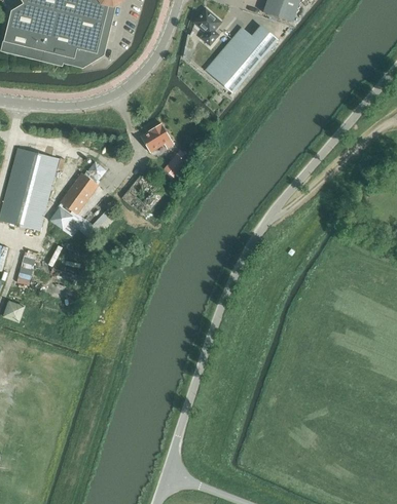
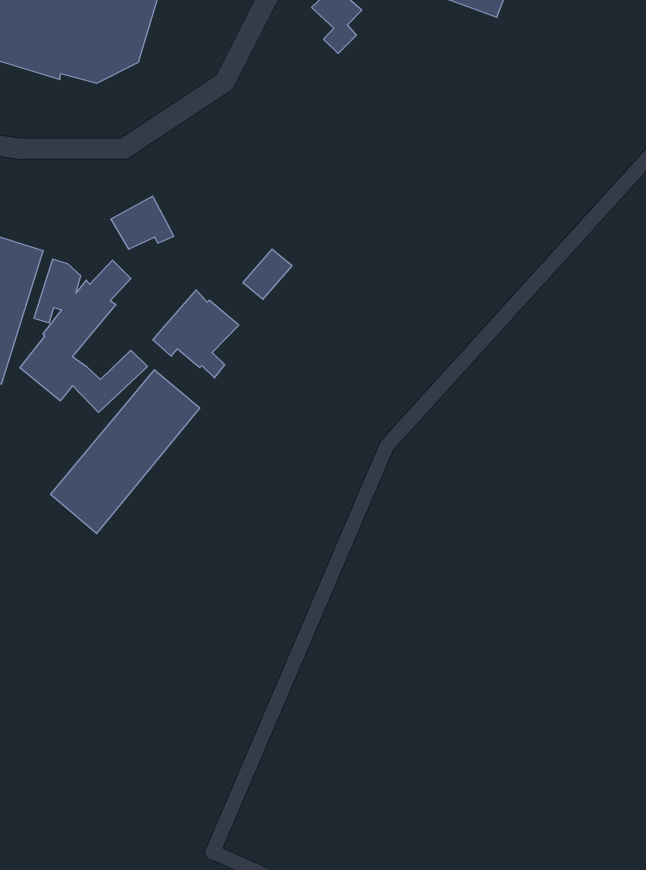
building: [205,24,278,92] -> none
building: [141,123,175,152] -> [111,196,174,249]
building: none -> [50,370,200,534]

